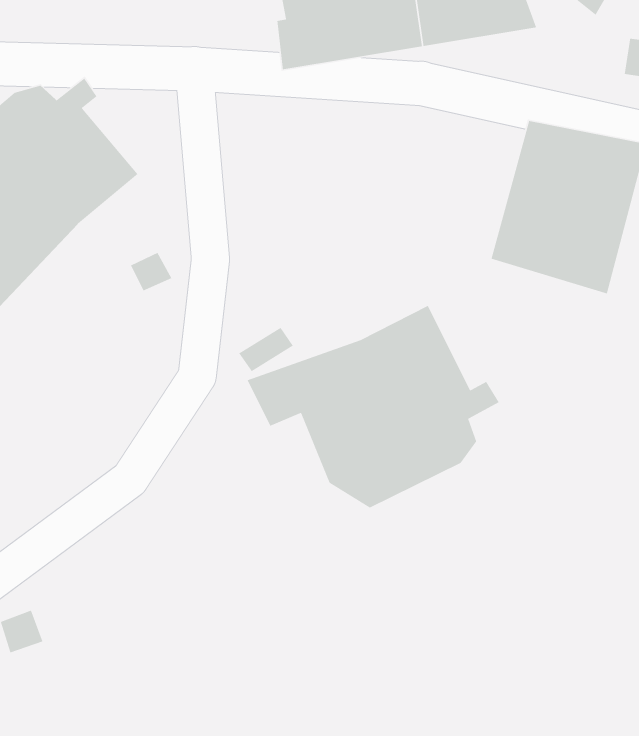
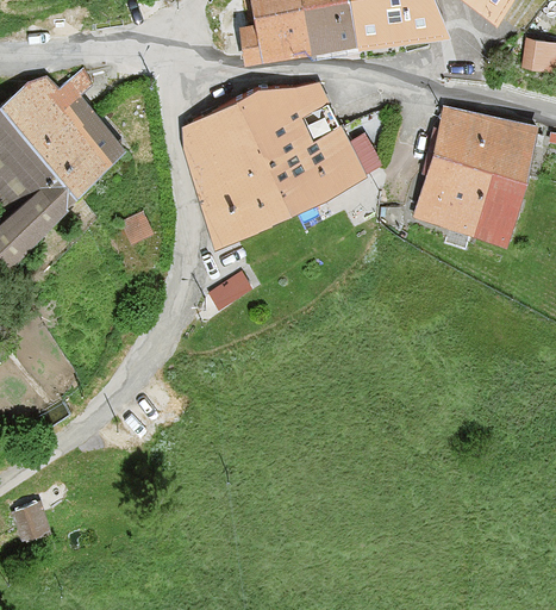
building: none -> [182,83,383,250]
building: [246,305,500,509] -> none

